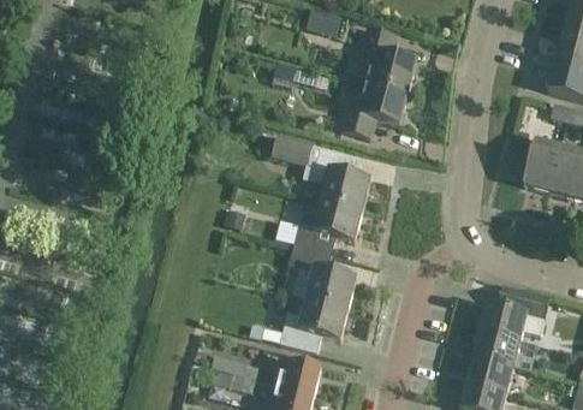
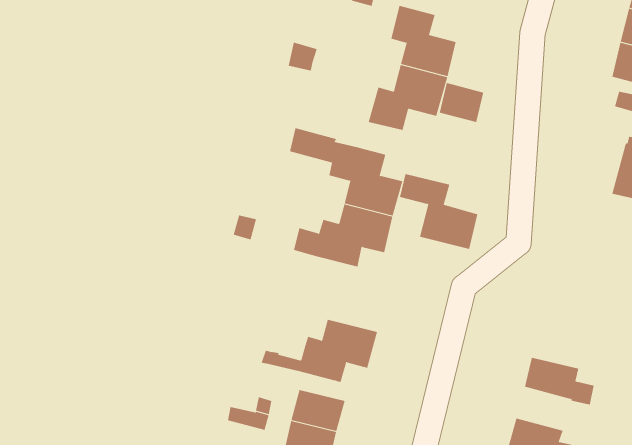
building: none -> [439,82,484,123]
building: [523,141,560,191] -> none
building: [288,244,356,309] -> [399,173,478,249]
building: [480,287,549,340] -> none
building: [466,356,513,393] -> none

